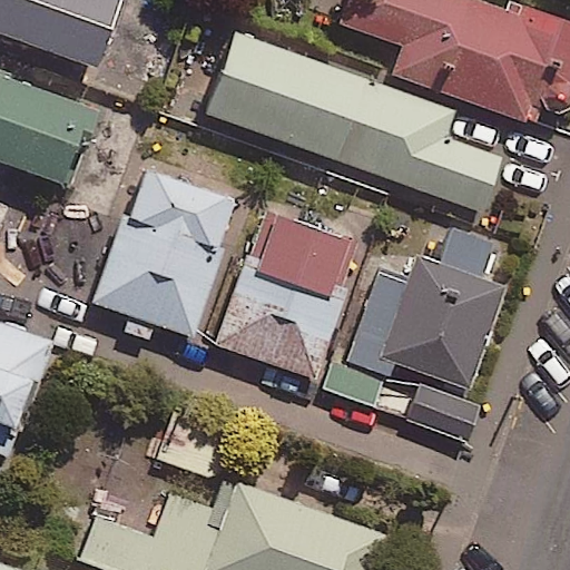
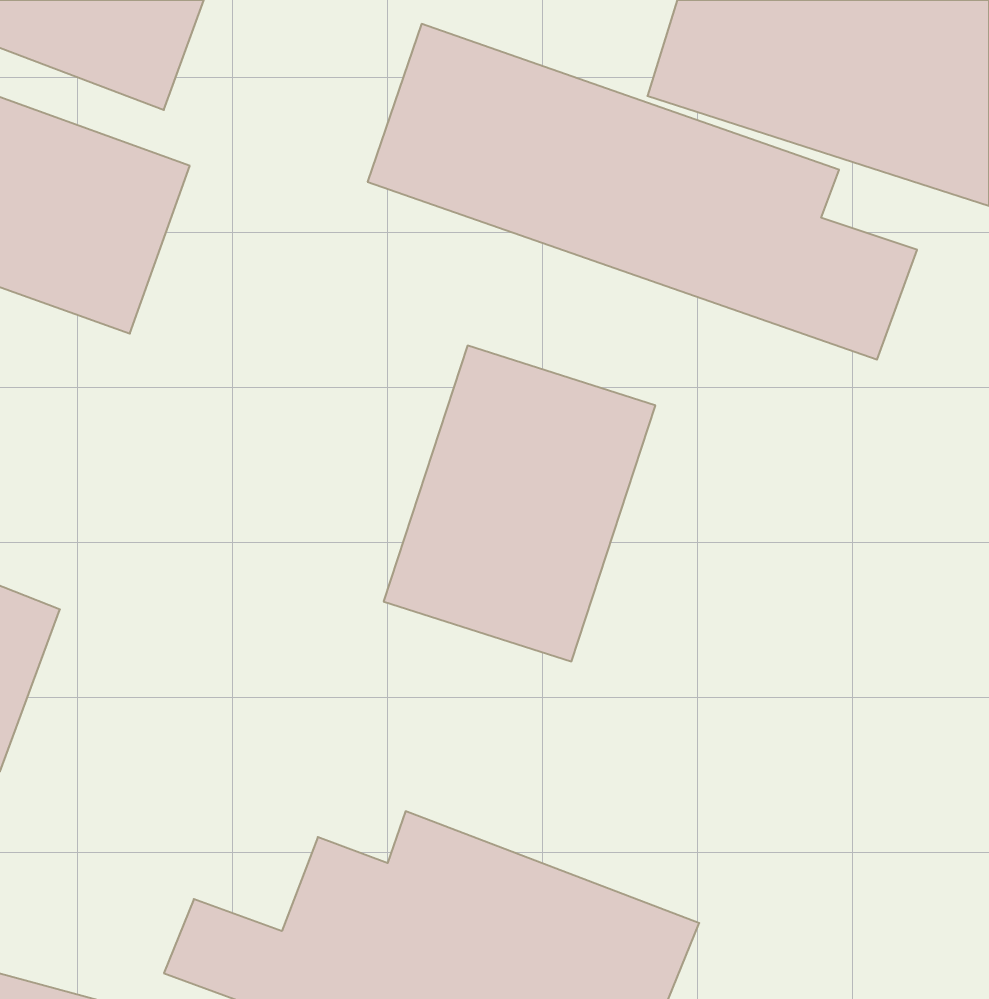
building: [83,156,245,343] -> none
building: [351,230,513,399] -> none

